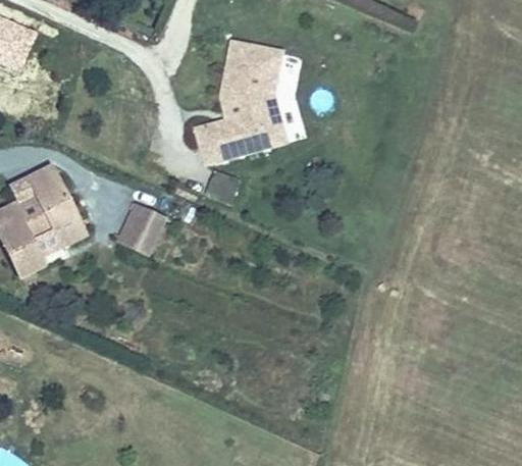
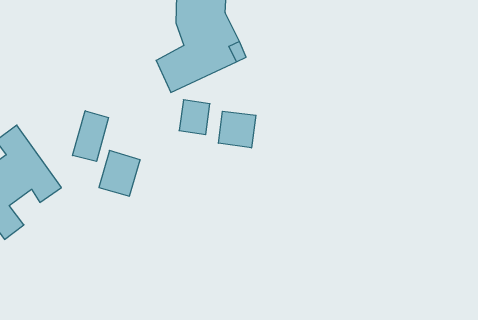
building: none -> [73,111,109,161]
building: none -> [218,111,256,148]

